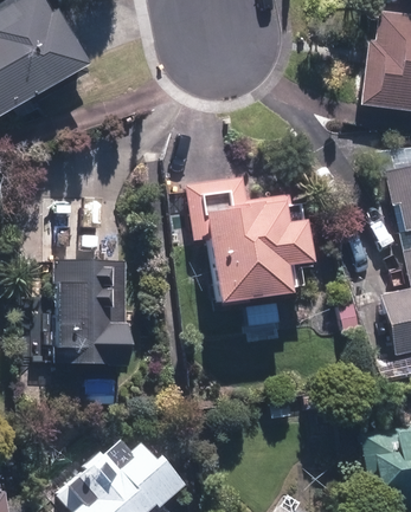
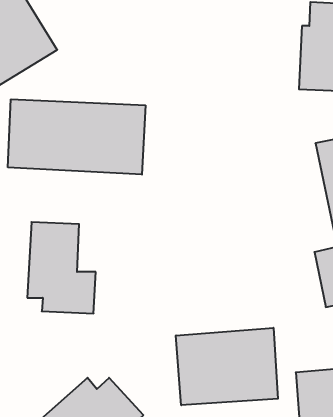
building: none -> [8,99,145,175]
building: [186,182,312,335] -> none
building: none -> [176,328,278,405]

